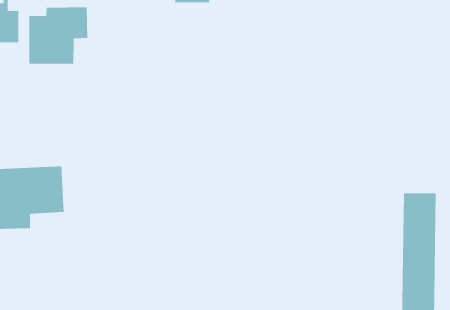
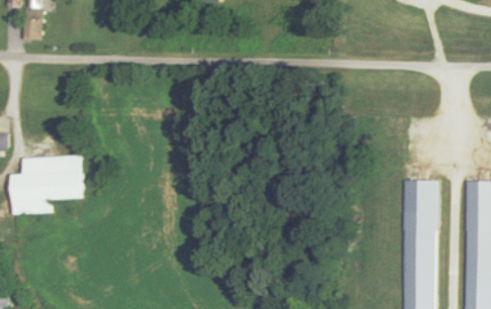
building: [29,7,88,64] -> none

